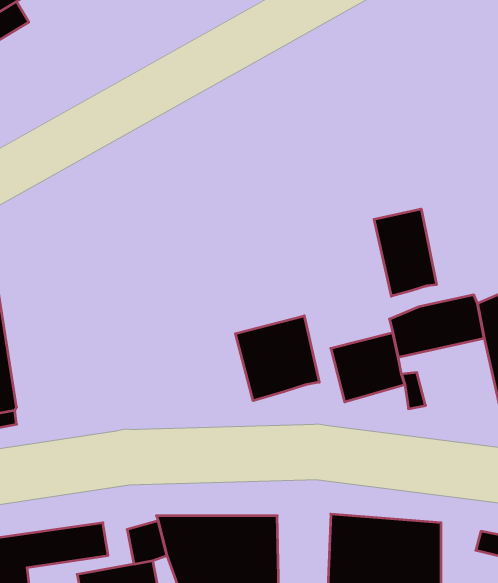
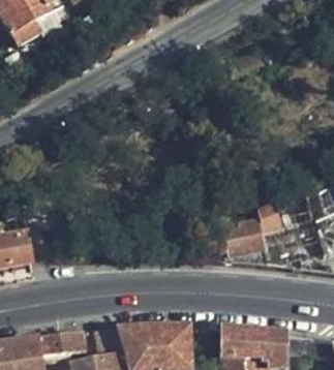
building: [374,209,436,296] -> none
building: [235,316,319,401] -> none

